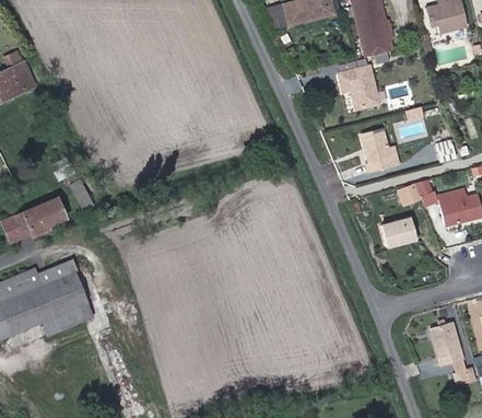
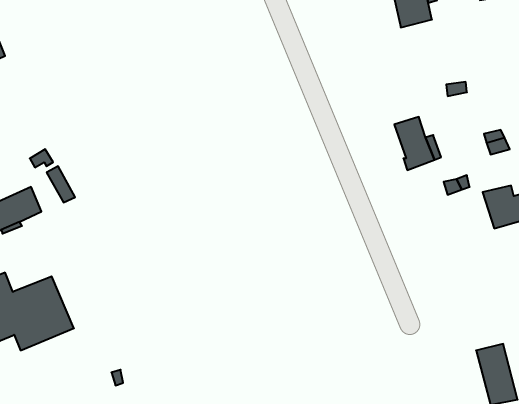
building: [340,70,379,112] -> none
building: [381,224,419,256] -> none

